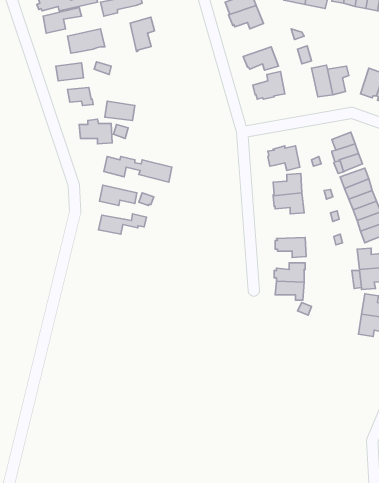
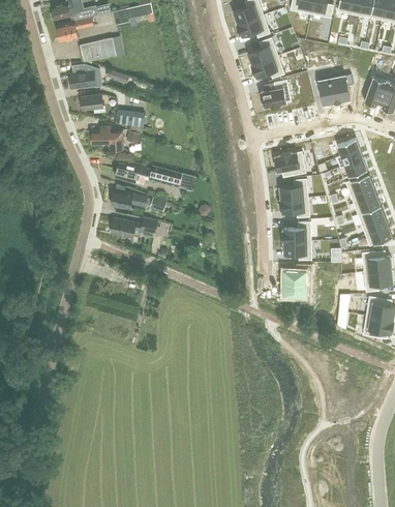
building: [130,17,154,52] -> none
building: none -> [247,35,277,63]
building: none -> [281,219,310,240]

